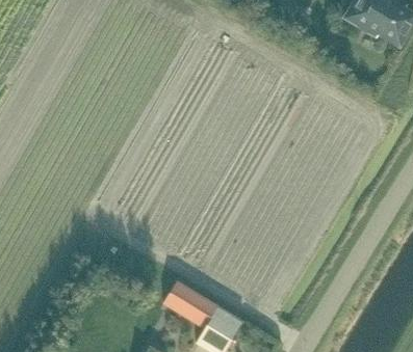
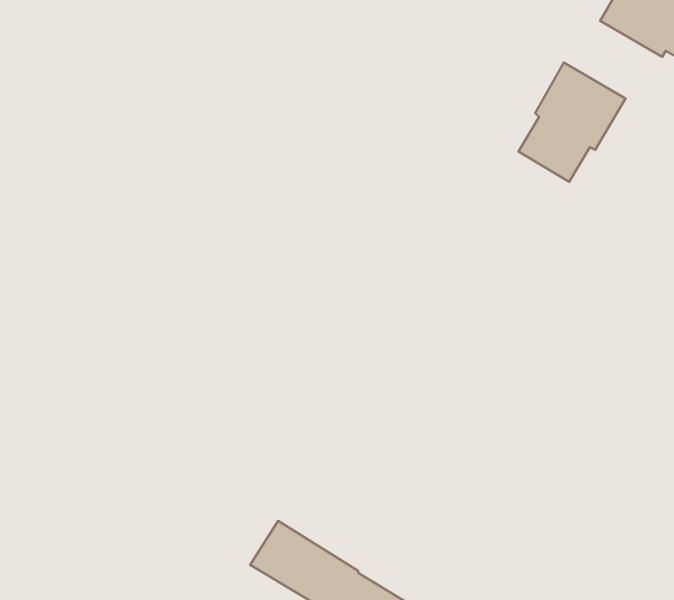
building: none -> [519,62,625,182]

